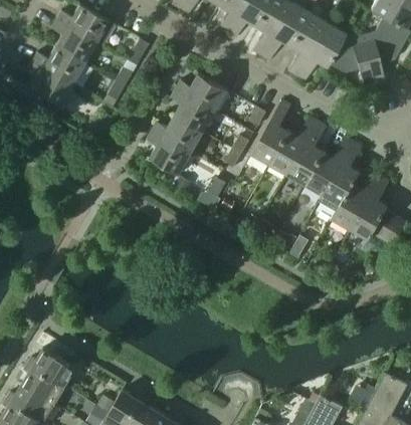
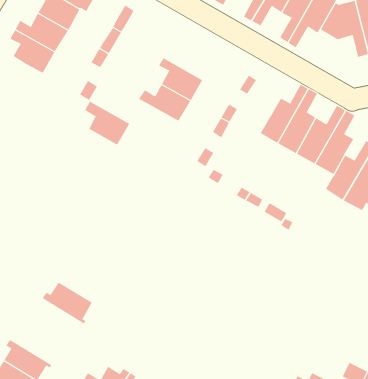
building: [176,73,227,113] -> none
building: [251,100,290,164] -> none
building: [147,131,191,174] -> [84,101,130,145]
building: [27,348,76,389] -> [42,282,93,324]

